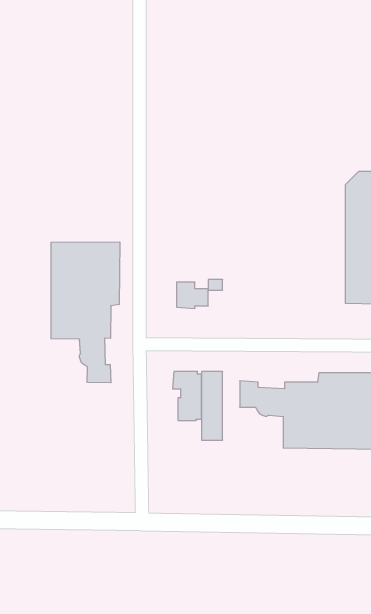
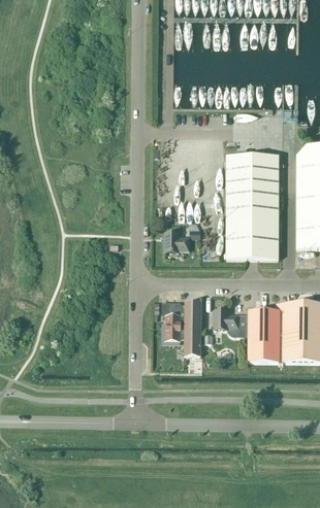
building: none -> [226,151,279,259]
building: [51,242,120,383] -> none

